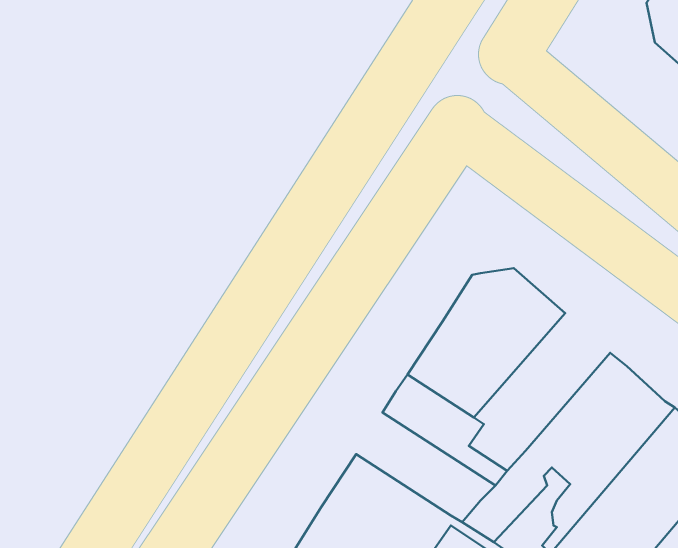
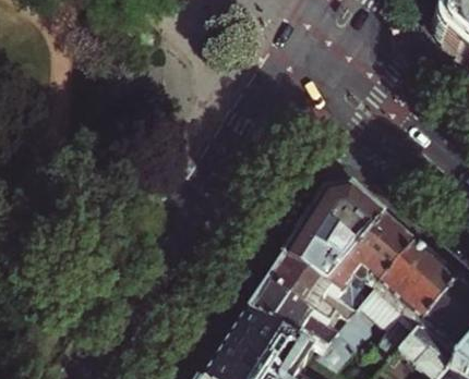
building: none -> [330,220,420,310]
building: none -> [253,285,345,353]

